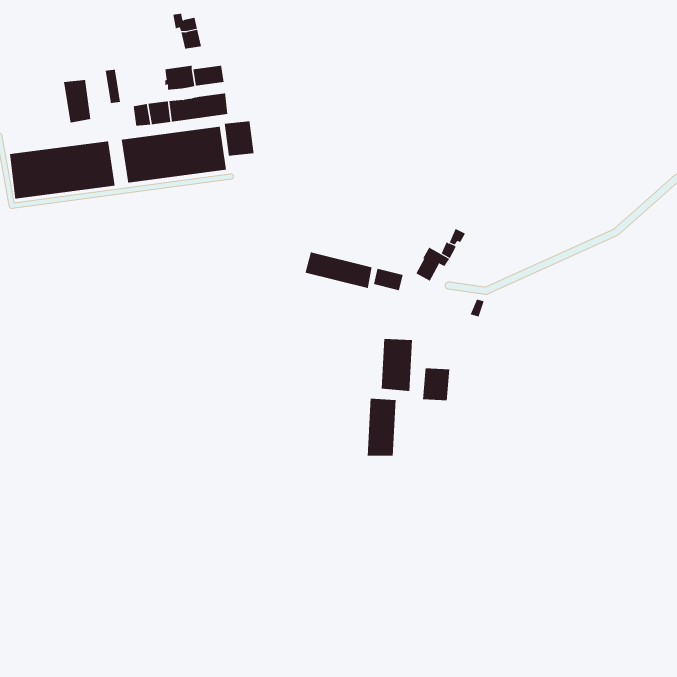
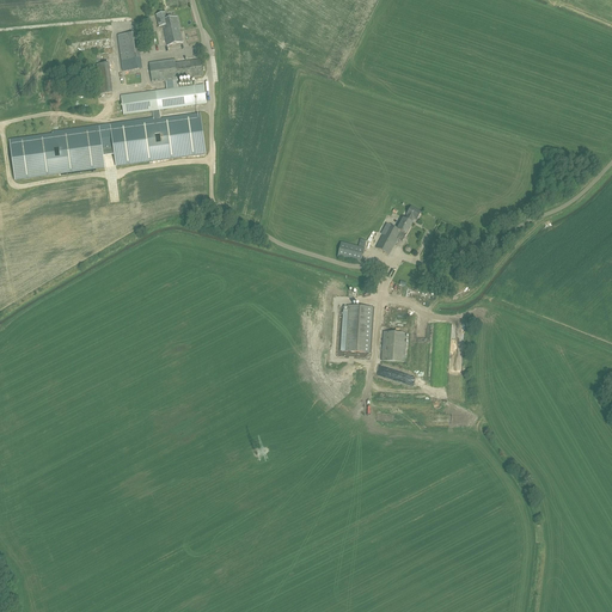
building: [63,79,91,123] -> [116,31,141,71]
building: [224,121,254,157] -> none
building: [305,252,372,289] -> none
building: [367,398,396,456] -> none

